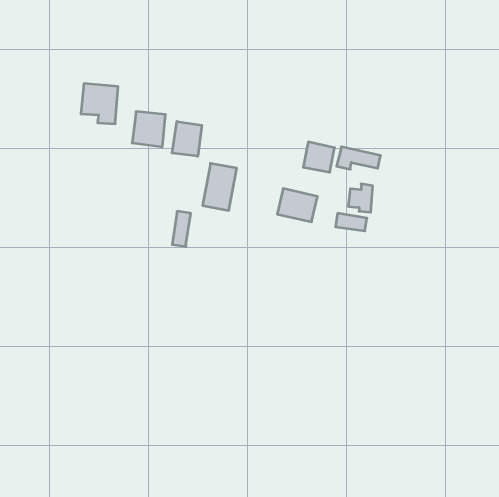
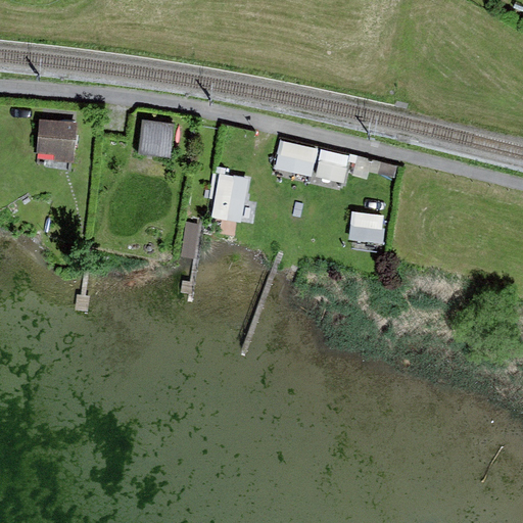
building: [81,84,118,124] -> [37,121,76,162]
building: [172,121,202,156] -> none
building: [277,189,317,222] -> [276,141,318,176]

